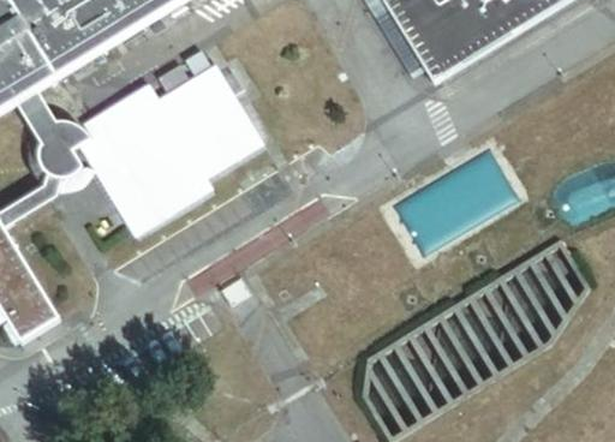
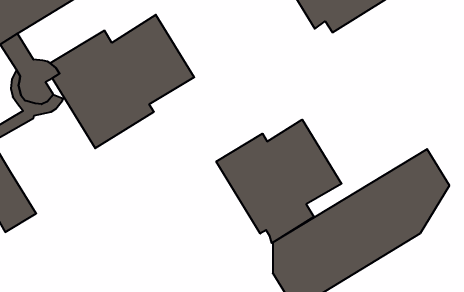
building: none -> [216,120,342,243]

